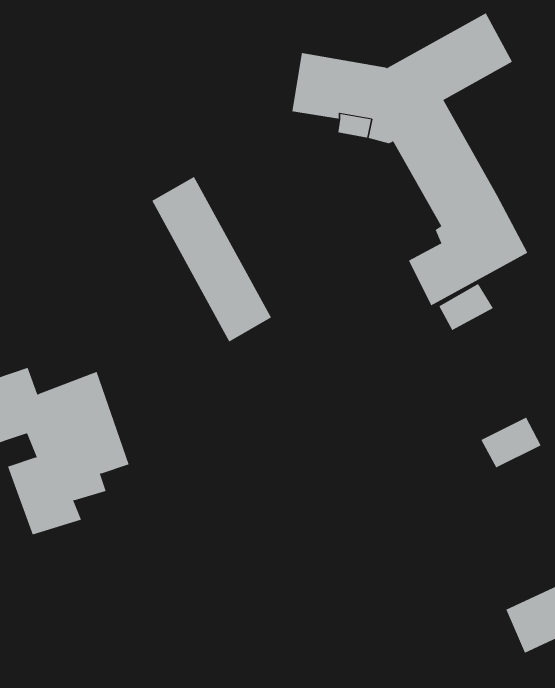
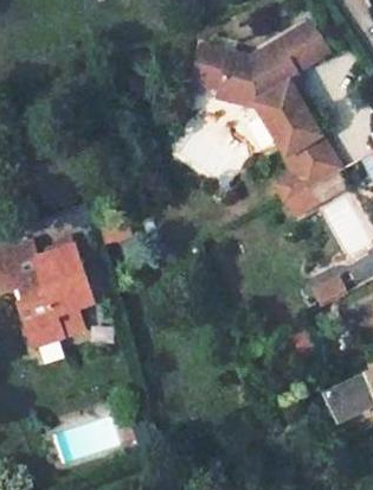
building: [151,176,272,342] -> none

